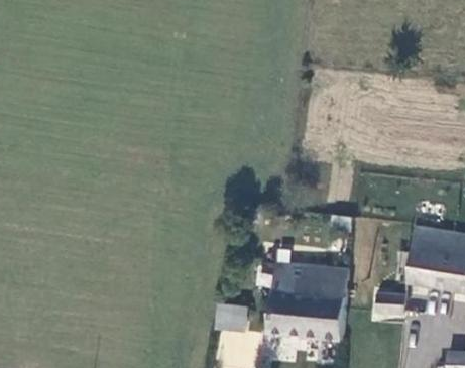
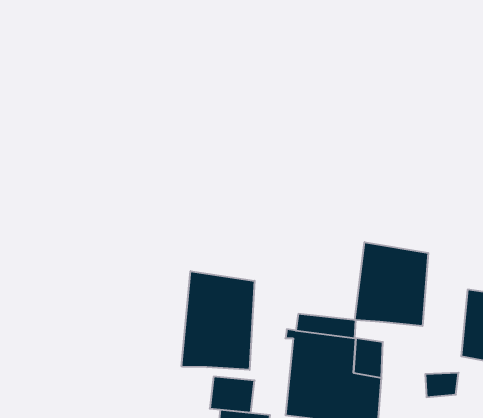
building: none -> [355,242,428,326]
building: none -> [182,271,255,370]

